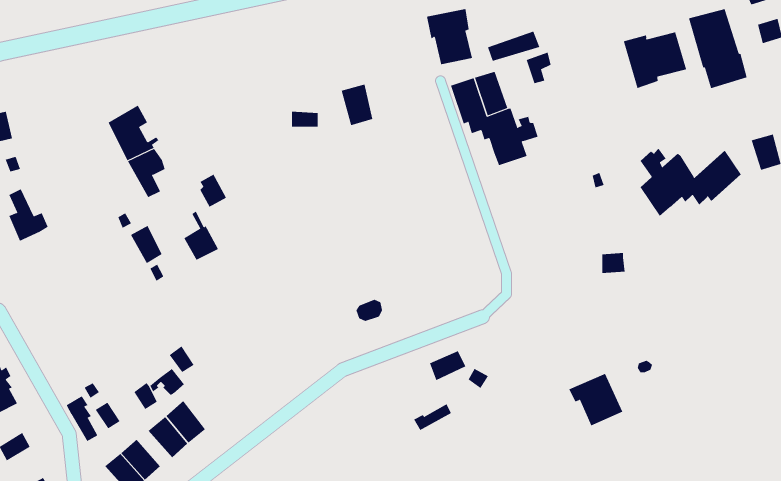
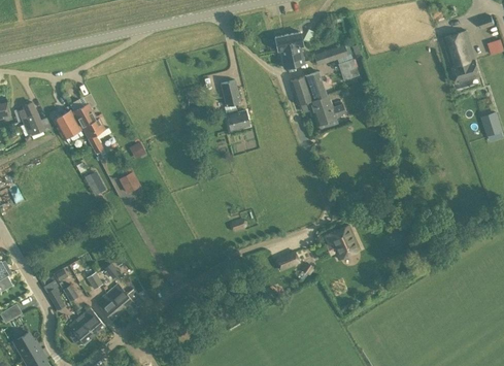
building: [623,32,687,89] -> none
building: none -> [225,107,249,130]
building: none -> [54,109,83,142]
building: [640,148,741,217] -> none
building: [8,188,49,241] -> [23,101,48,135]
building: [568,373,623,426] -> [325,225,360,259]

